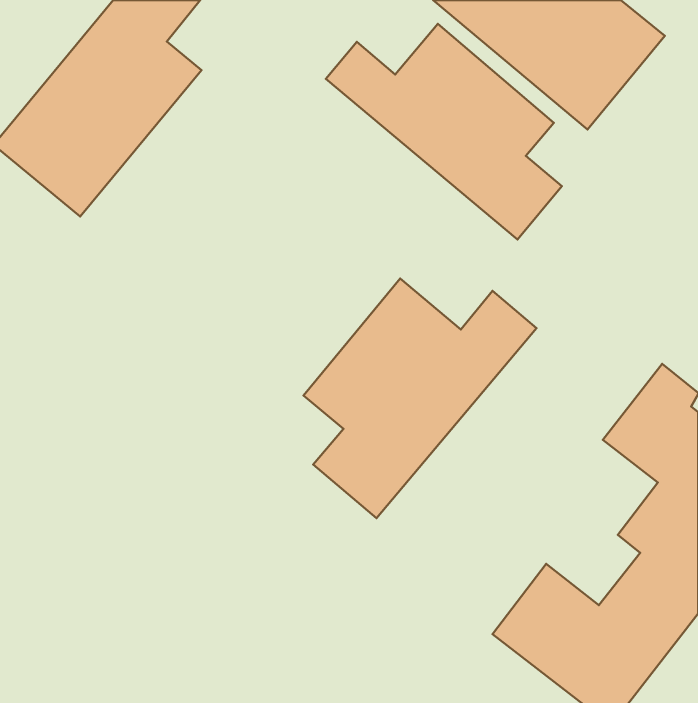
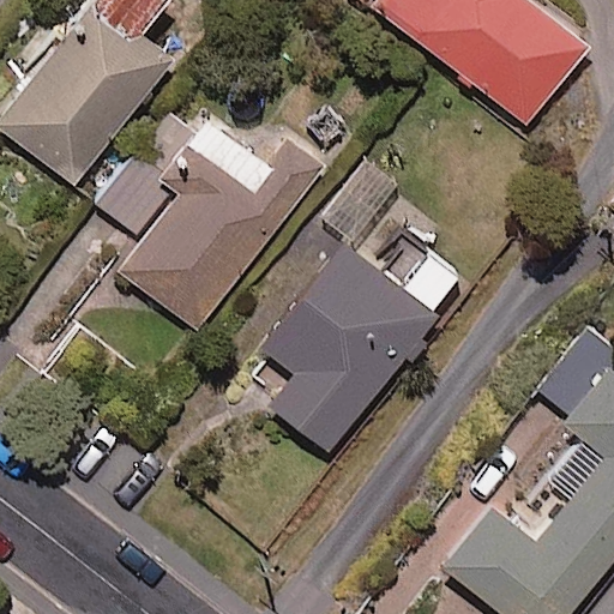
building: [326,24,562,240] -> none
building: none -> [97,119,325,331]

